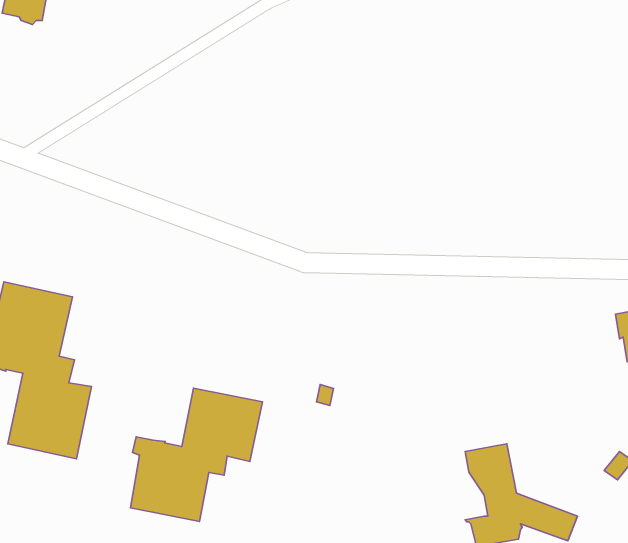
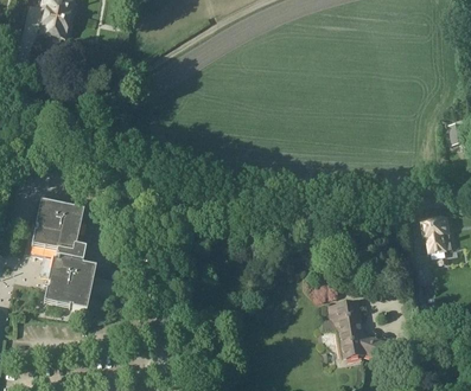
building: [131,388,262,522] -> none

